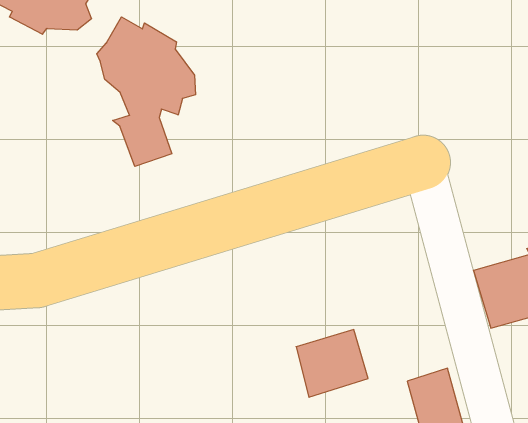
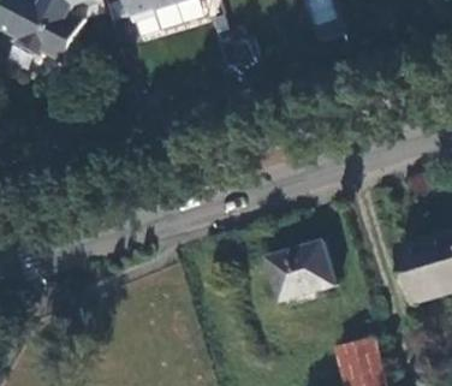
building: [97,17,196,166] -> none
building: [296,330,368,397] -> [270,239,331,296]

